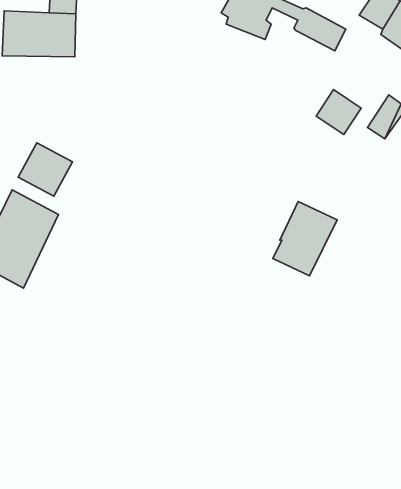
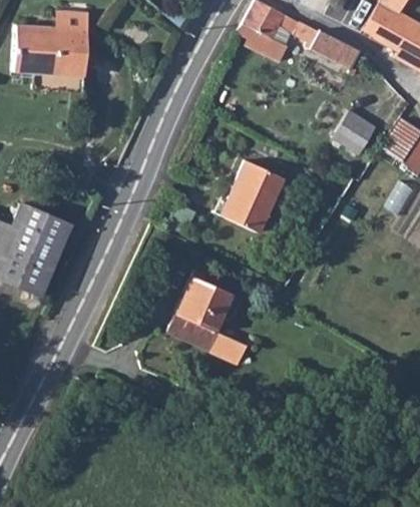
building: [18,143,73,196] -> none
building: [273,201,337,276] -> [220,156,283,229]
building: none -> [164,267,244,361]

